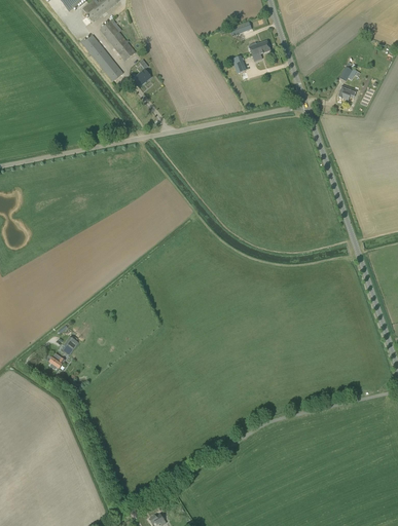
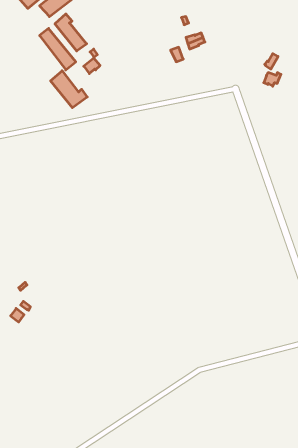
building: none -> [51,71,87,108]

